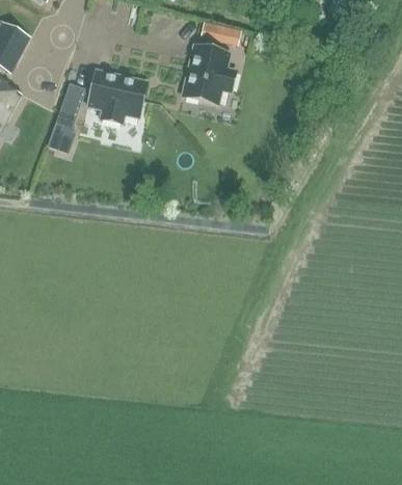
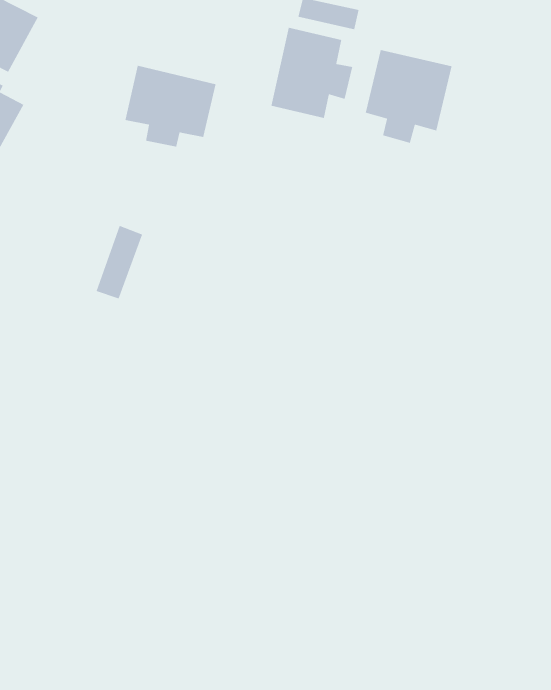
building: none -> [365,49,452,144]
building: [54,84,85,133] -> [95,225,143,299]

